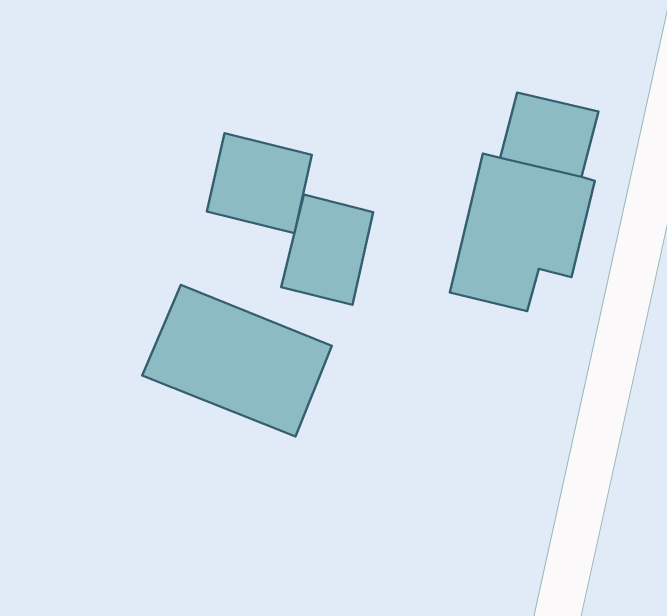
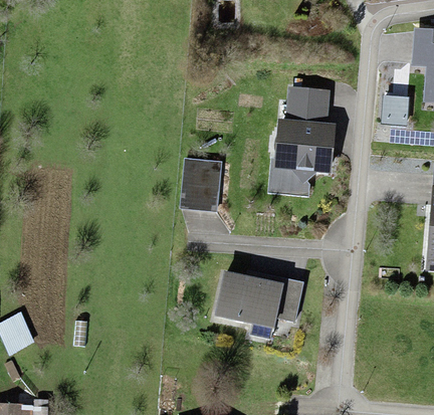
building: [207,133,312,233] -> none
building: [142,285,332,436] -> [211,269,304,338]

